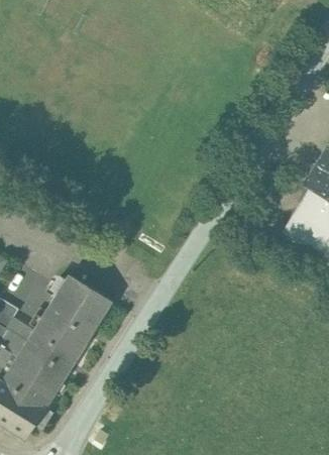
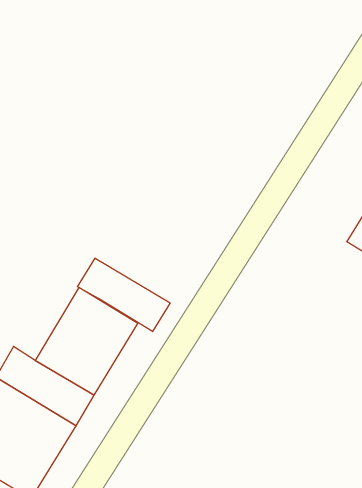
building: none -> [77,258,170,332]

